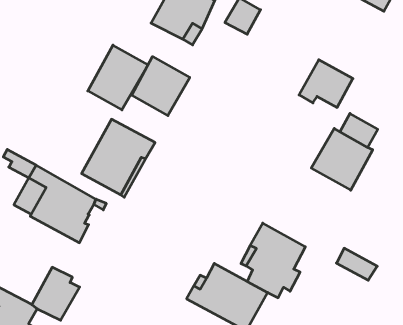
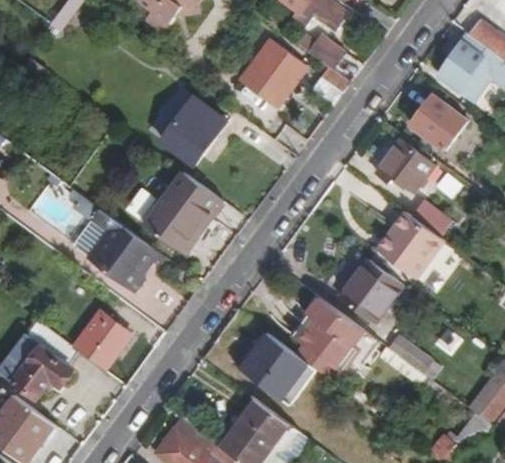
building: none -> [410,95,466,150]
building: [132,57,190,116] -> none
building: none -> [340,258,401,321]

